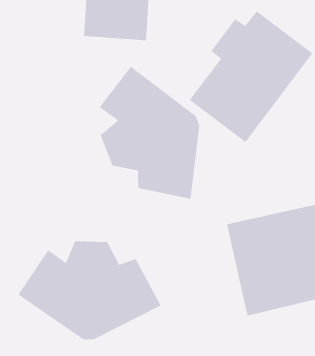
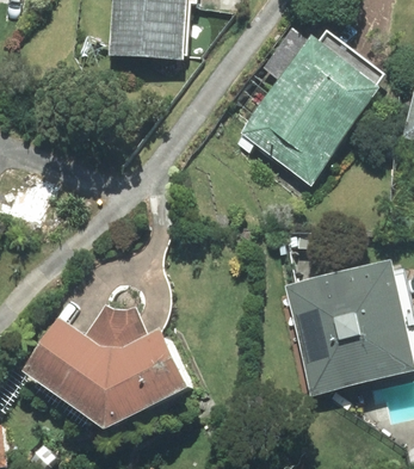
building: [99,66,200,199] -> none

